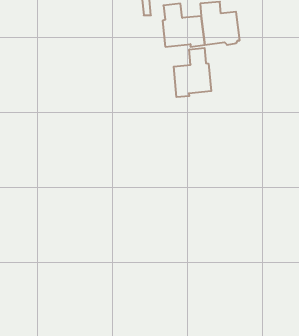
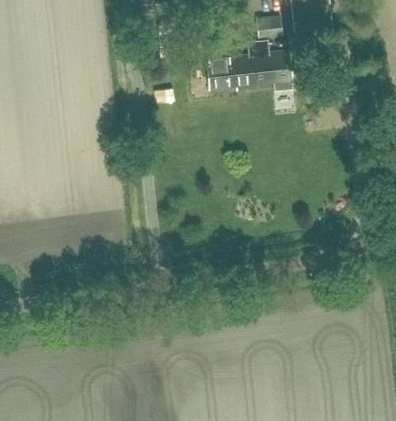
building: [174,48,211,97] -> none

